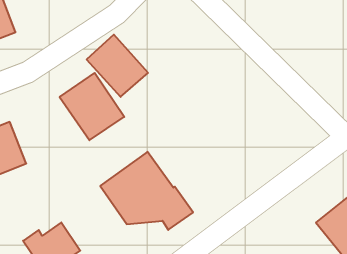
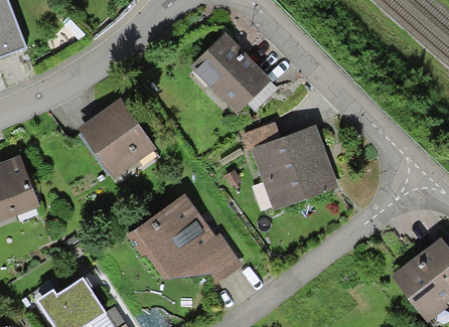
building: [87,35,148,97] -> [194,32,269,108]
building: none -> [255,126,335,208]

